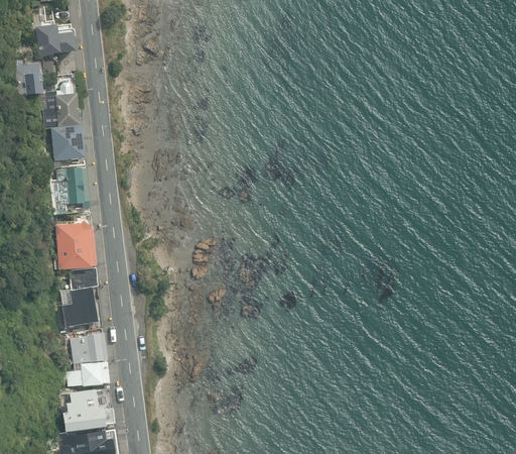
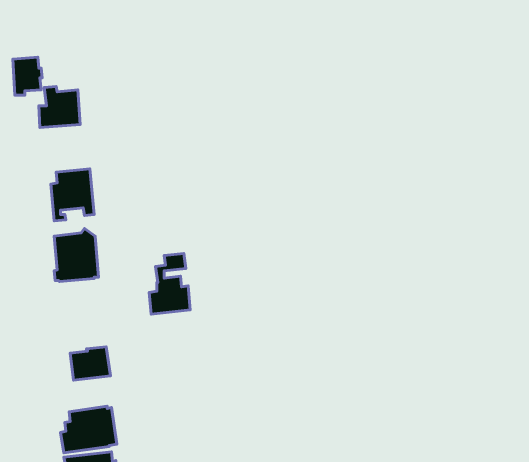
building: [35,25,75,56] -> none
building: [44,124,83,166] -> none
building: [63,269,102,326] -> [149,253,190,314]
building: [67,360,109,385] -> none

